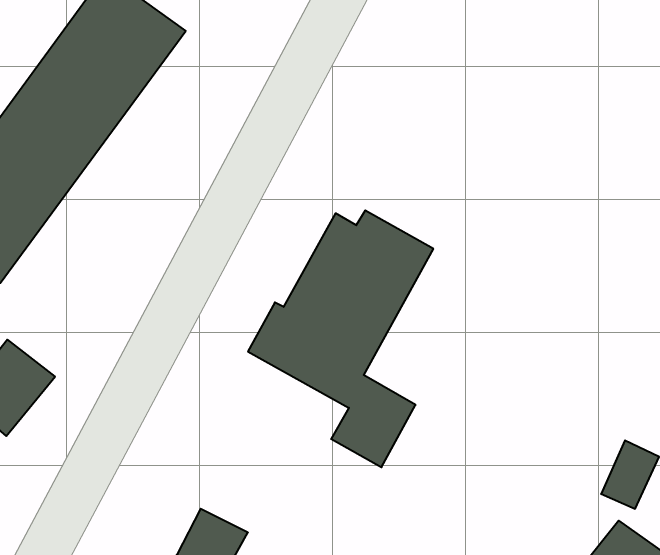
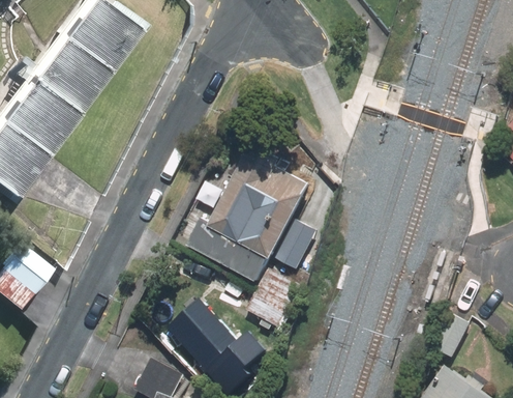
building: none -> [167,297,247,377]

